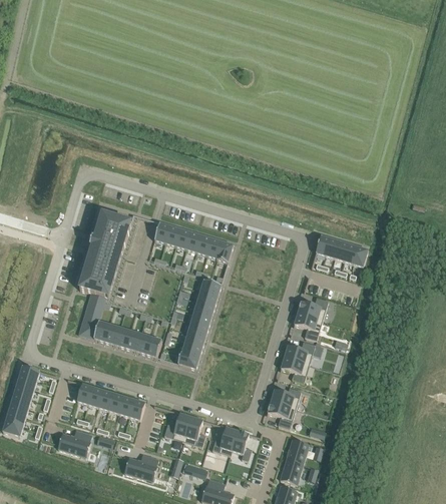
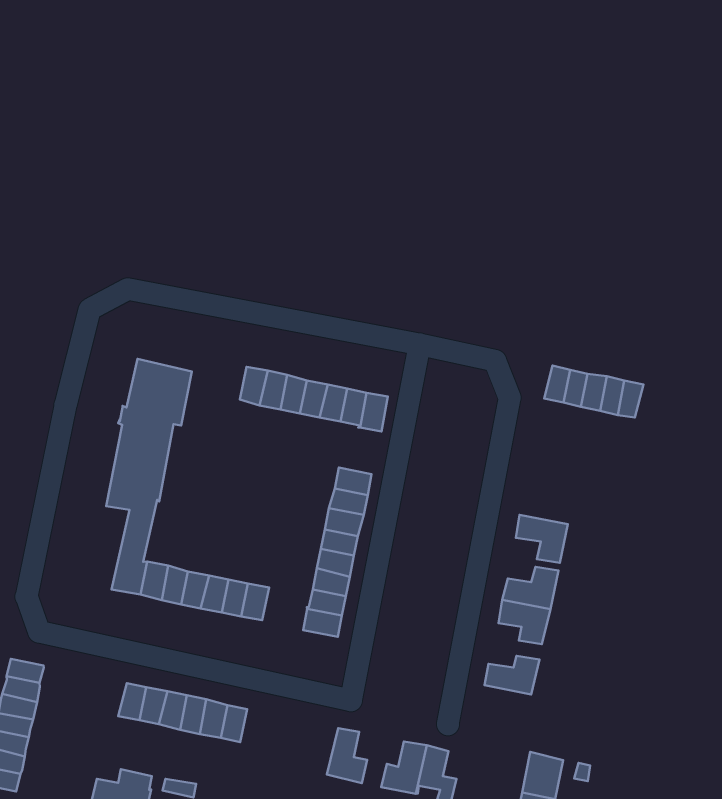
building: [297,296,328,319] -> none
building: [267,400,295,427] -> none
building: [163,412,191,440] -> none

